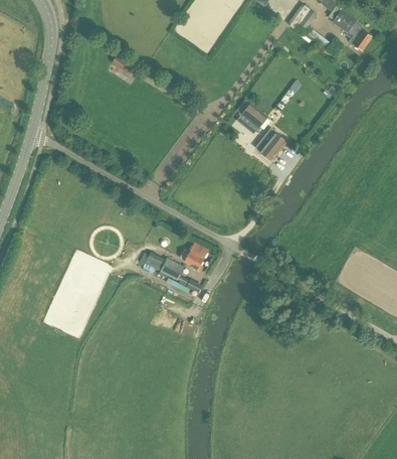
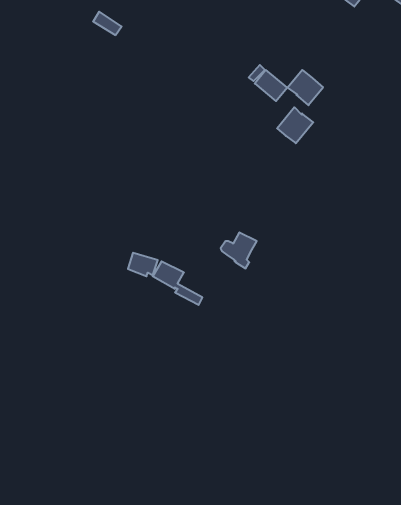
building: none -> [288,70,323,105]
building: [178,242,207,271] -> [221,232,257,268]

